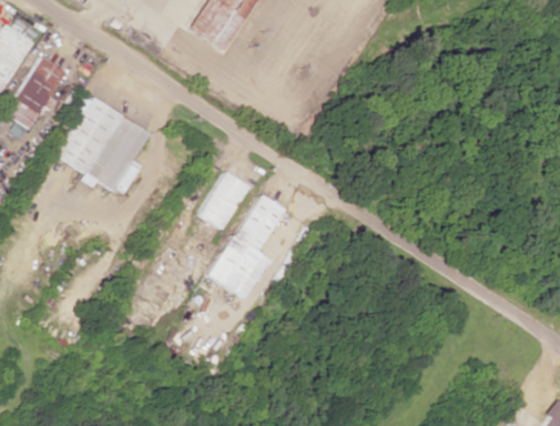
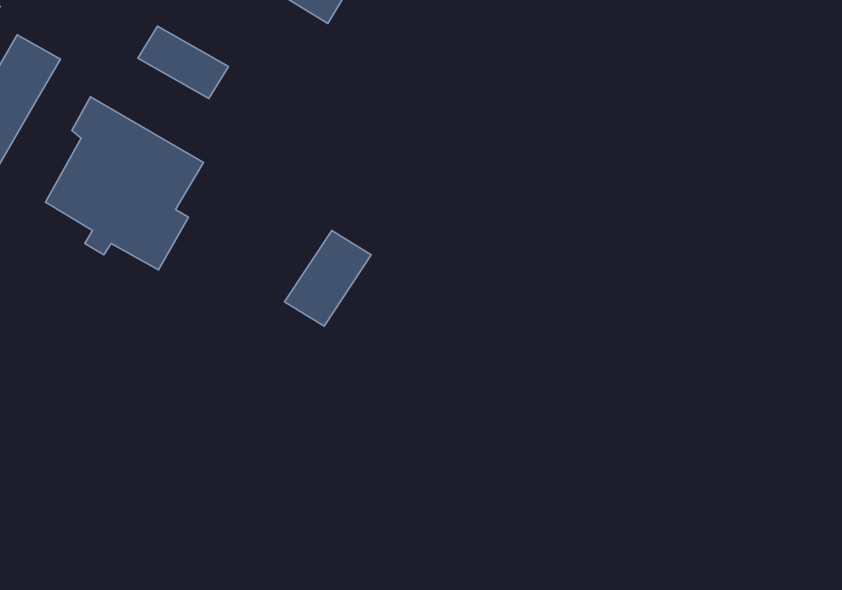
building: none -> [138,26,228,99]
building: [208,193,284,298] -> none

